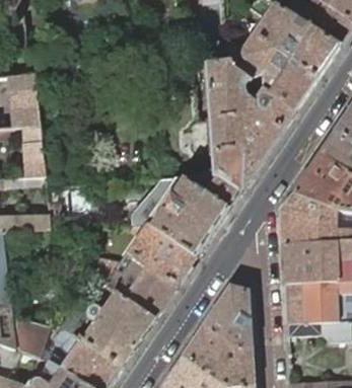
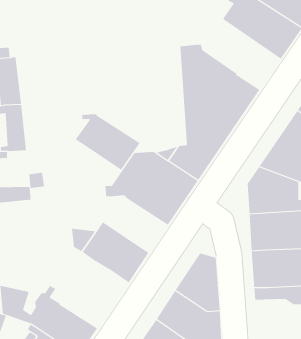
building: [227,33,316,109] -> none
building: [126,223,196,284] -> [75,114,140,171]
building: [81,291,154,365] -> none

